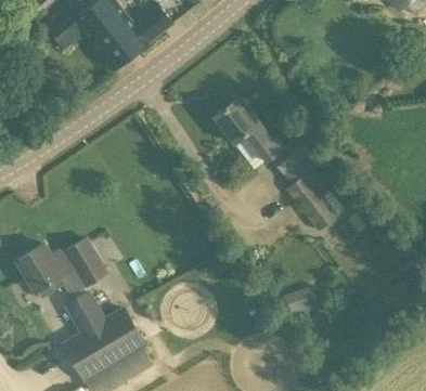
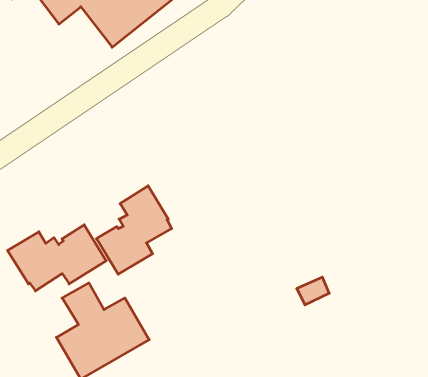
building: [212,101,345,232] -> none
building: none -> [96,186,172,274]

